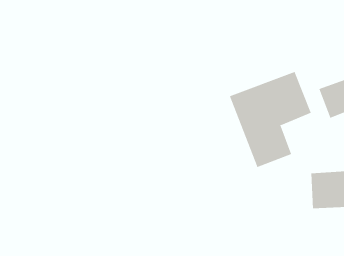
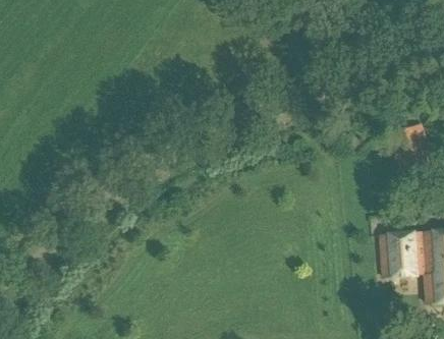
building: [229,71,312,168] -> none

